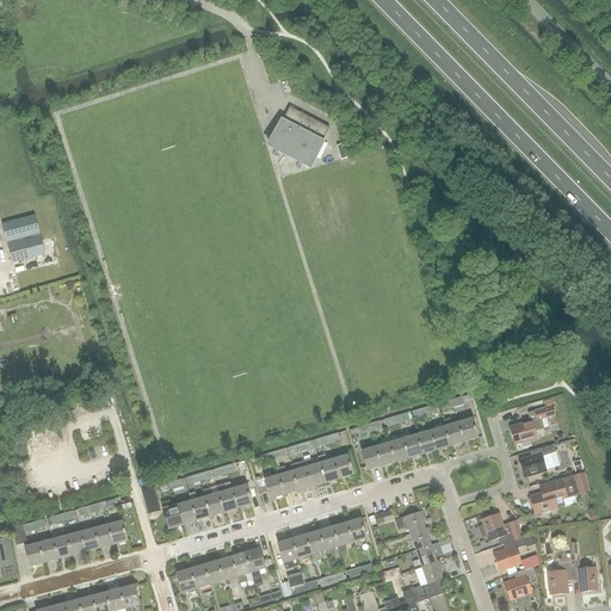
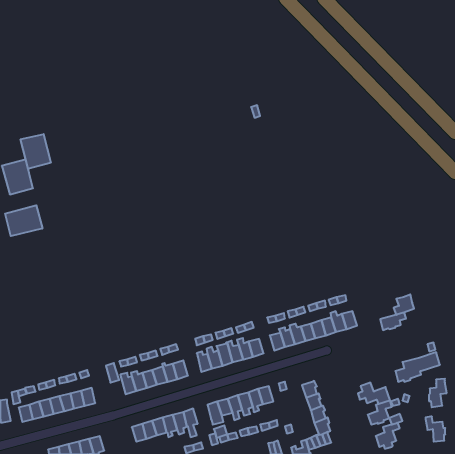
building: [270,105,329,163] -> none
building: none -> [21,134,51,169]
building: none -> [5,205,42,236]
building: [519,443,556,474] -> none
building: [549,556,573,594] -> [429,379,447,407]

